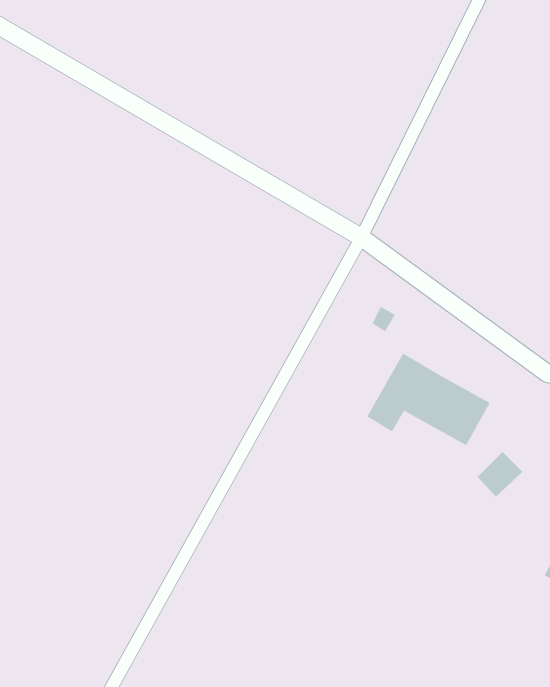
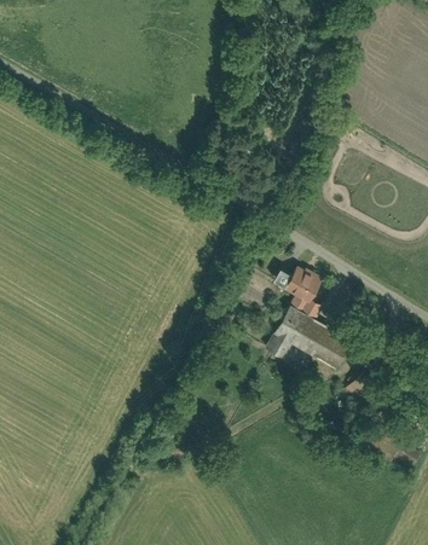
building: none -> [283,266,323,320]

